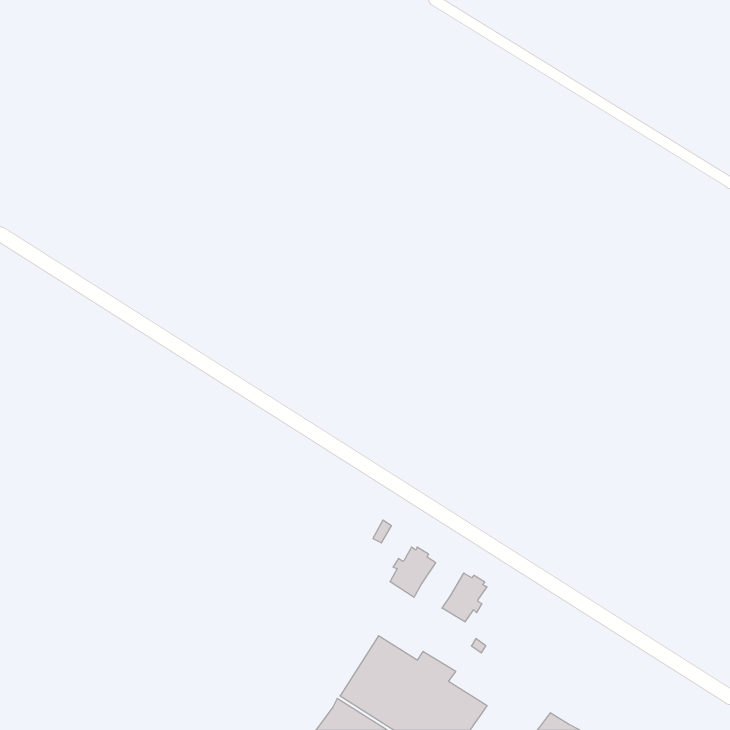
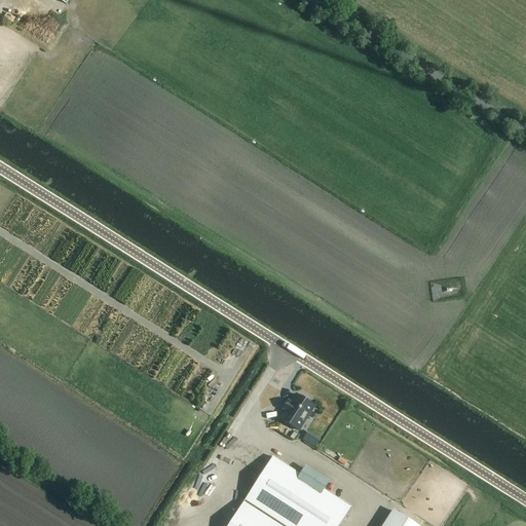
building: [442,573,487,622] -> none

